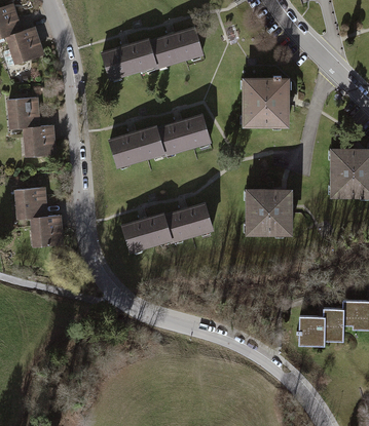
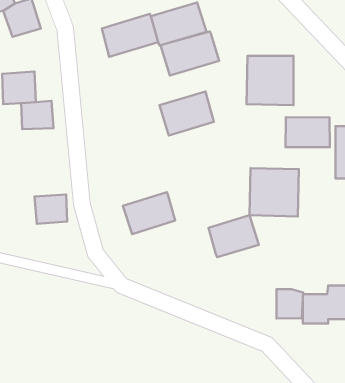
building: [108,125,165,168] -> [161,31,219,75]
building: none -> [286,117,330,147]
building: [17,186,50,218] -> none
building: [165,202,215,243] -> [209,215,259,257]
building: none -> [276,289,303,318]

